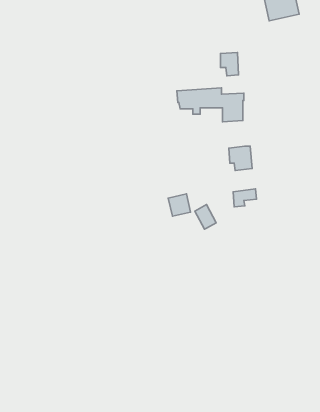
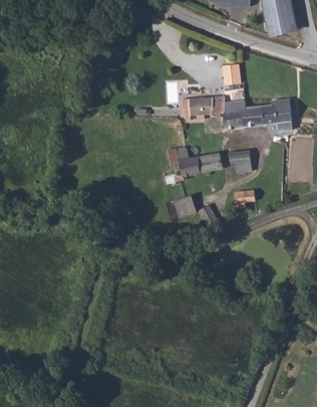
building: none -> [243,99,292,131]
building: none -> [175,148,222,183]

